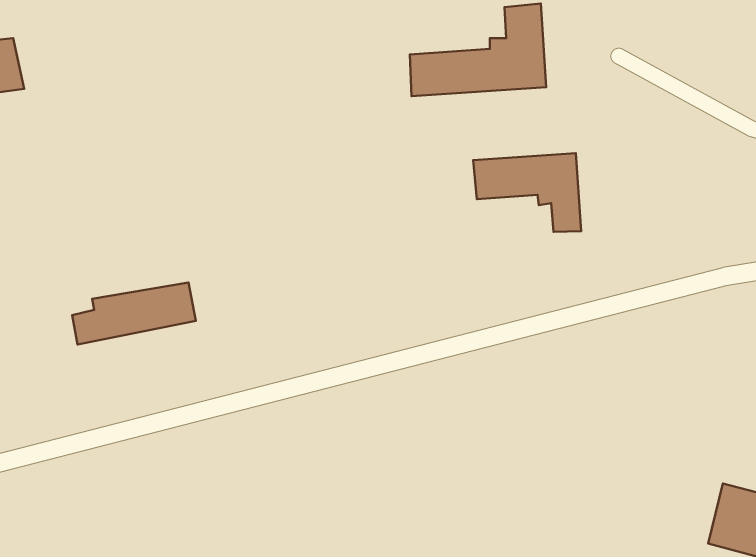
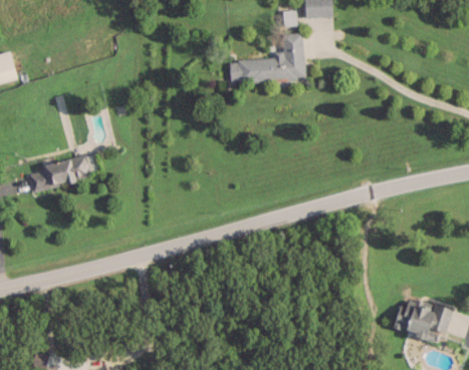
building: [473,153,581,232] -> none
building: [72,283,196,344] -> [29,155,97,190]

